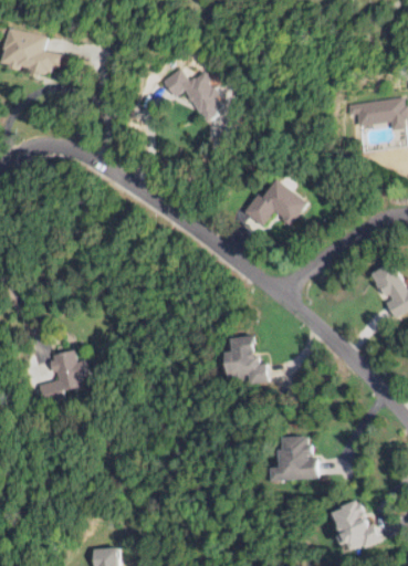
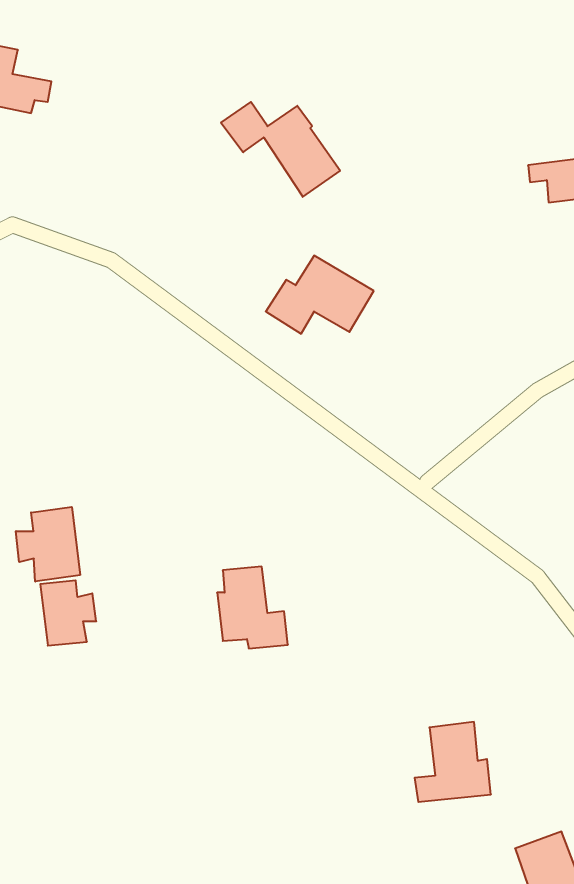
building: [241,180,305,227] -> [266,256,374,334]
building: none -> [16,507,80,582]
building: [229,336,271,385] -> [217,567,288,648]

